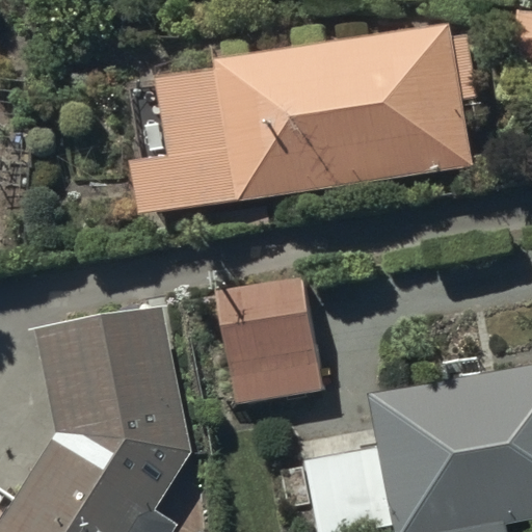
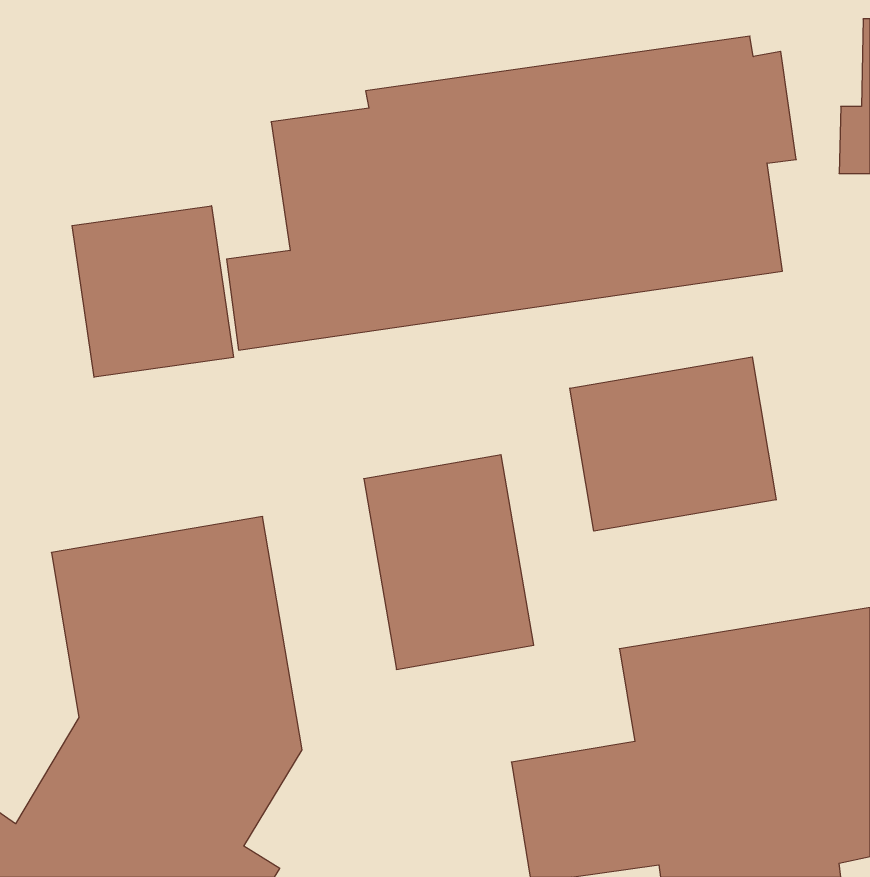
building: none -> [72,206,233,377]
building: none -> [570,357,776,531]

